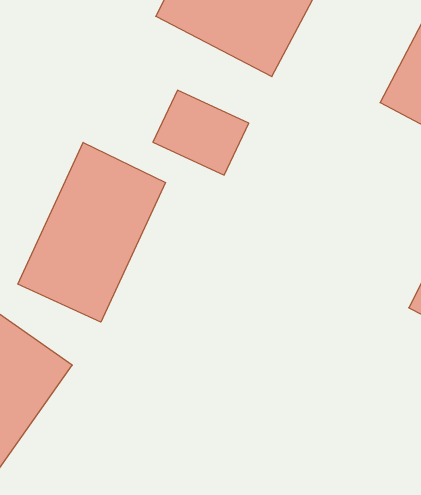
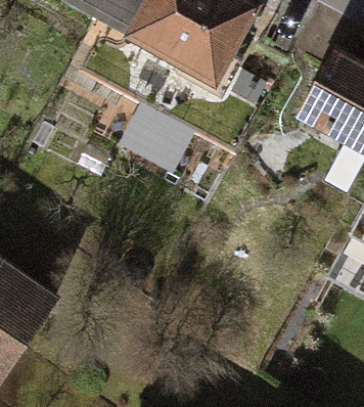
building: [18,142,166,322] -> none

